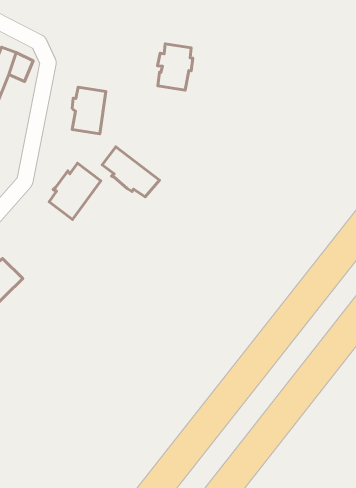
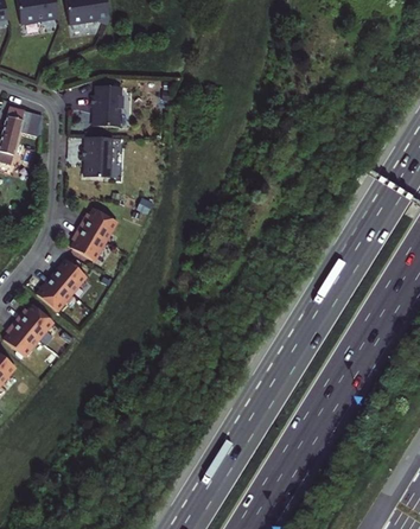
building: [158,44,193,90] -> [90,85,122,127]
building: [102,147,159,197] -> none
building: none -> [36,259,85,311]

